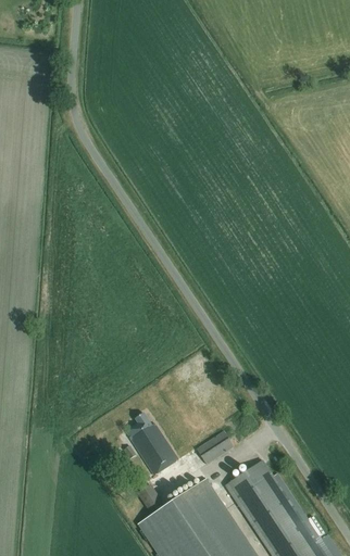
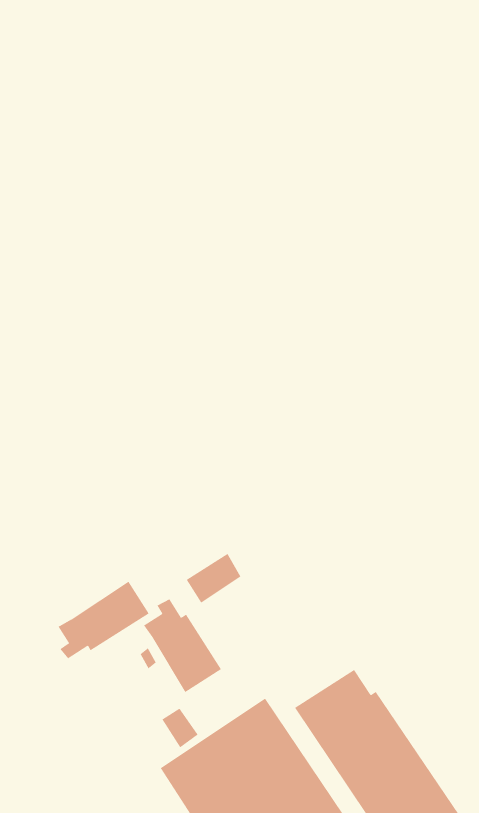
building: none -> [58,581,149,659]
building: [197,432,233,465] -> [186,553,241,603]

